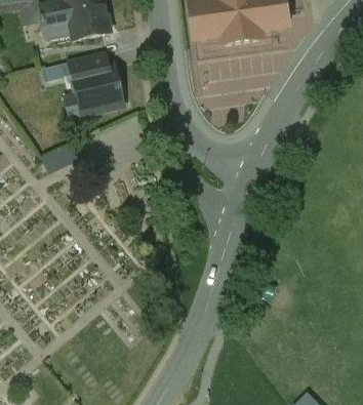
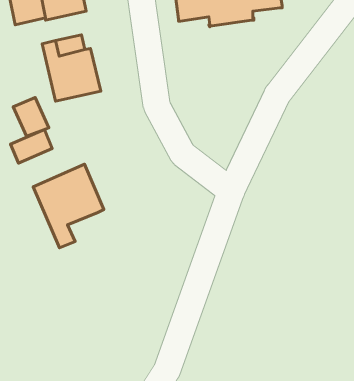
building: none -> [13,97,49,136]
building: none -> [33,164,104,248]

